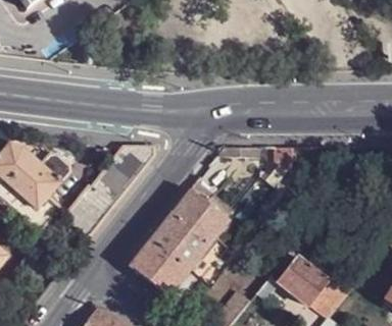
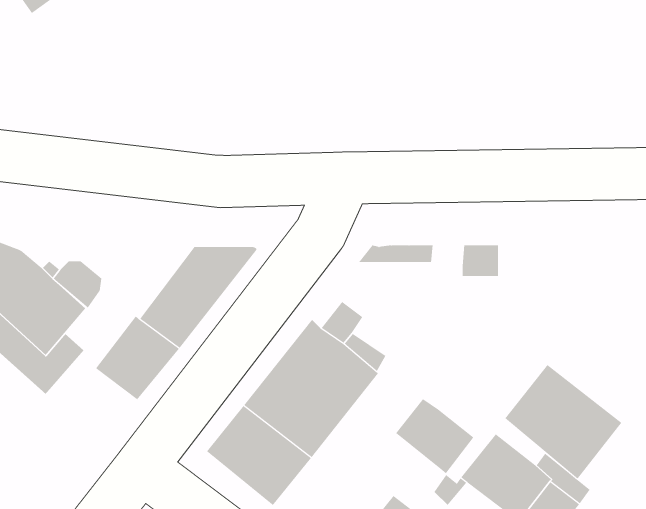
building: none -> [504,364,622,479]
building: none -> [396,398,474,474]

